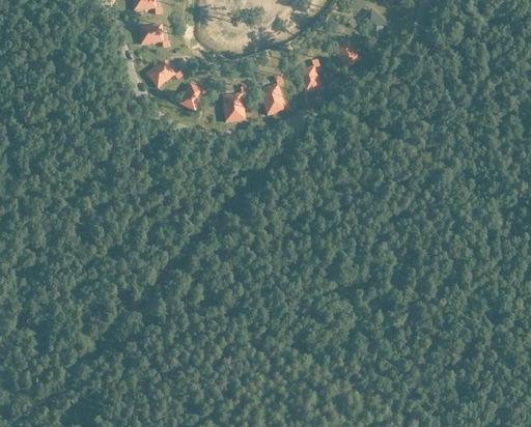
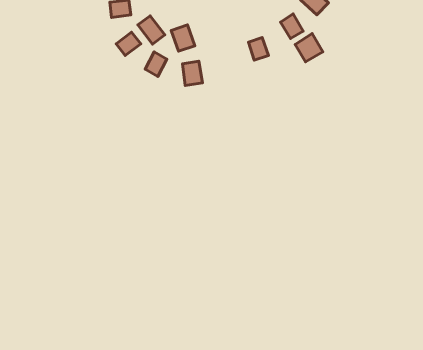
building: none -> [138,16,165,44]
building: none -> [295,34,323,62]
building: [259,84,286,114] -> [171,25,195,51]

